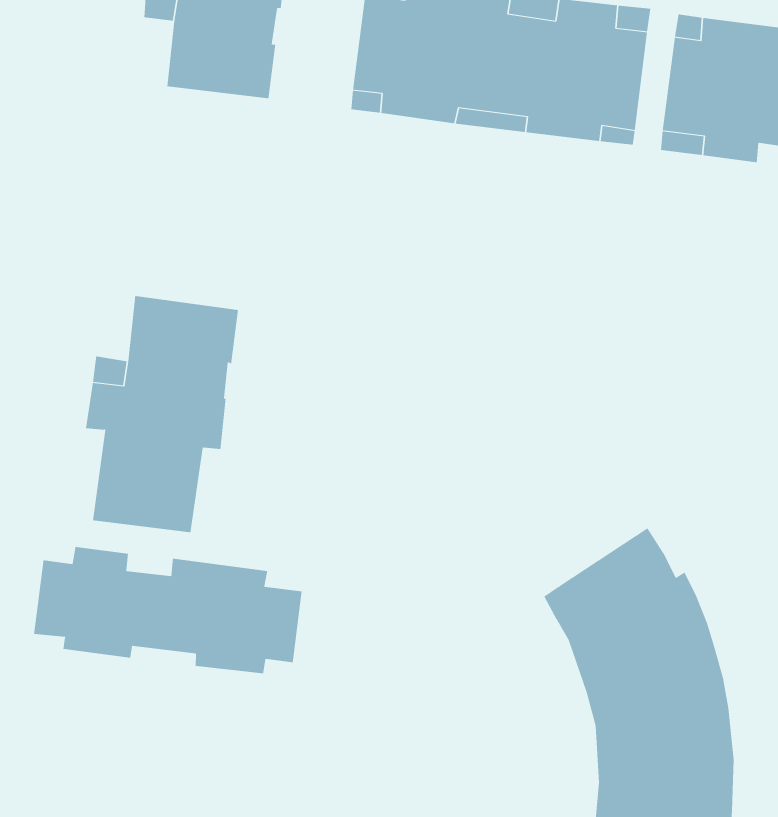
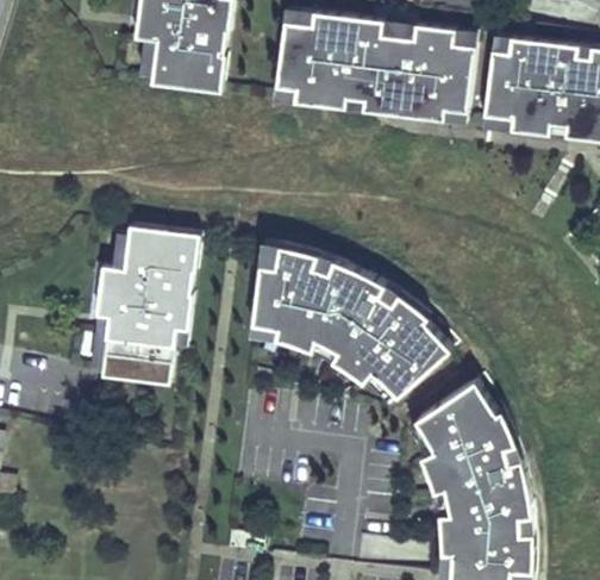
building: none -> [250,243,450,405]
building: [34,546,302,674] -> none

